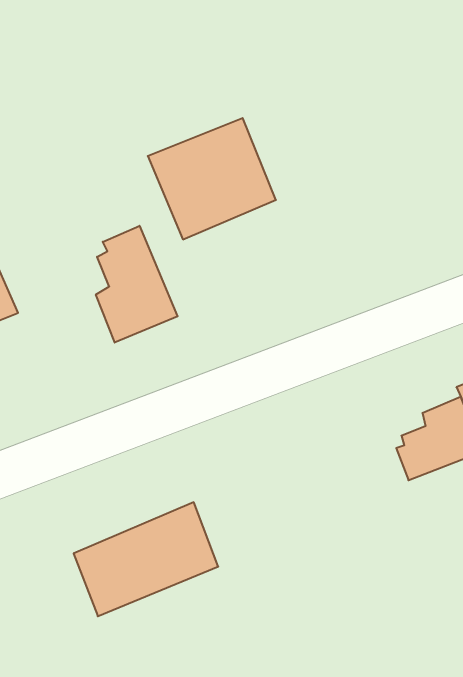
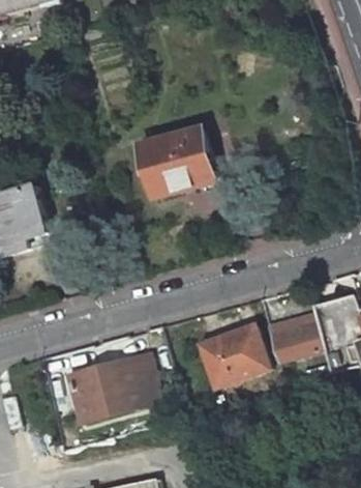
building: [96,226,178,343] -> none
building: none -> [201,328,268,391]

